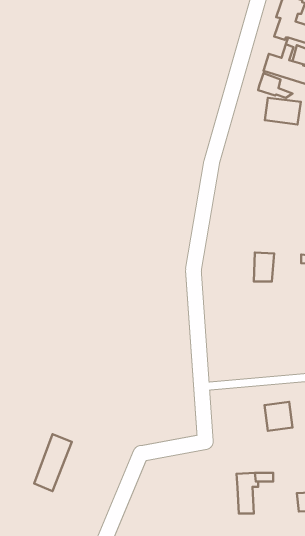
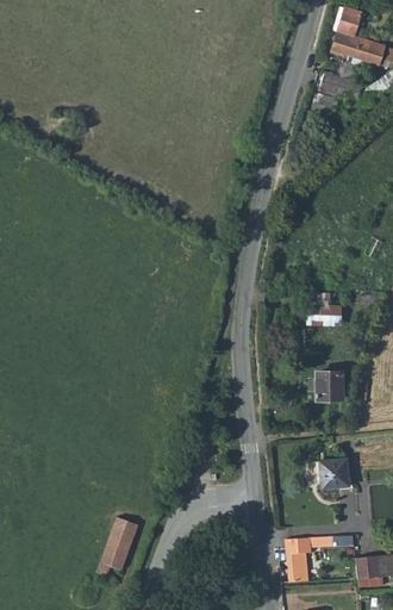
building: [265,98,301,125] -> none
building: none -> [316,373,342,399]
building: [34,434,72,491] -> [95,517,137,580]

